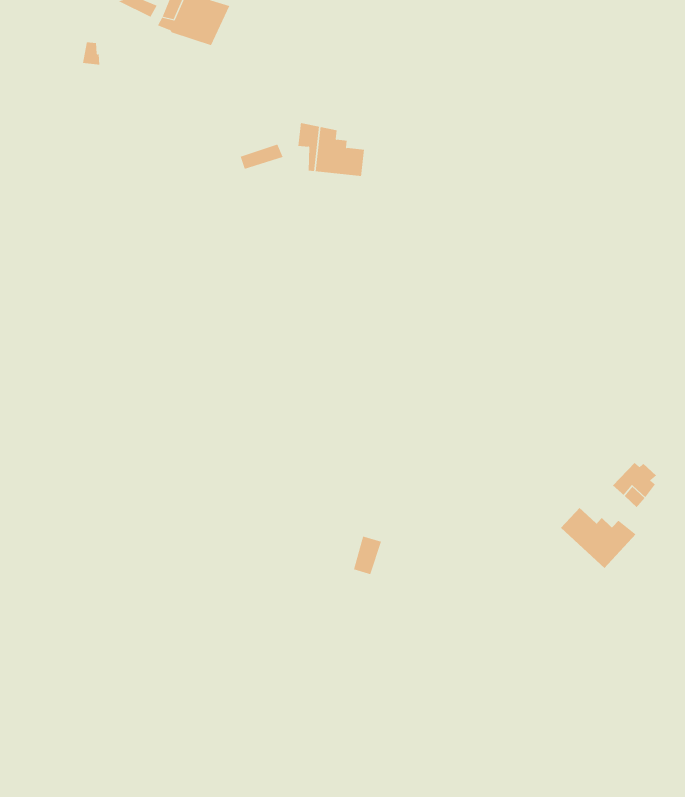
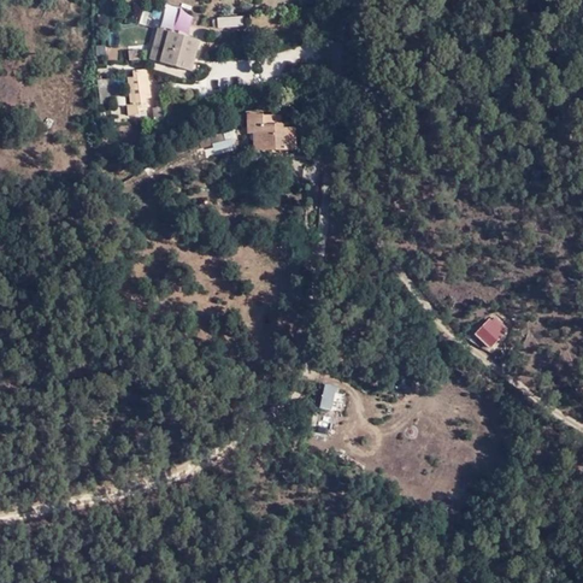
building: none -> [128,73,151,117]
building: [560,507,637,569] -> none

